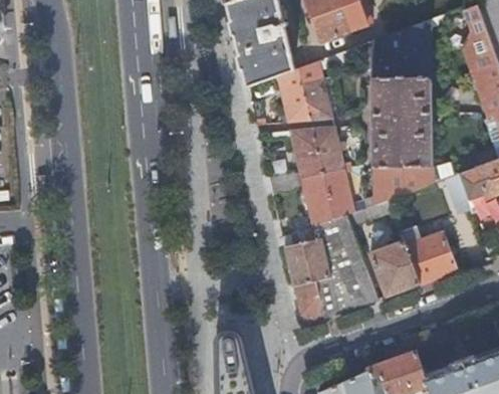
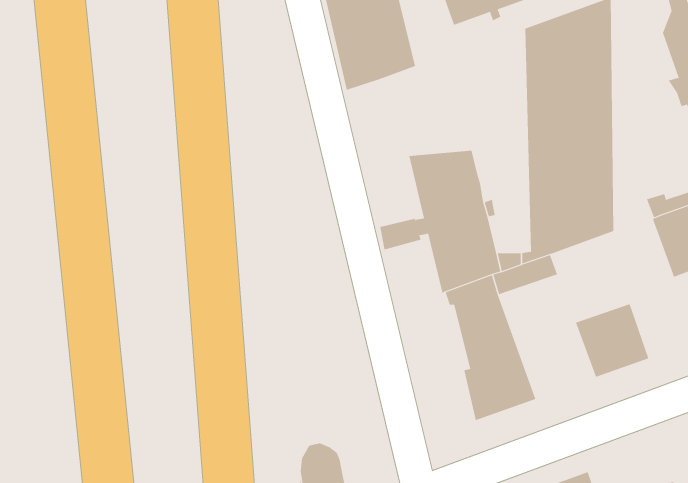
building: [271,49,357,123] -> none
building: [283,226,336,323] -> none
building: [370,243,420,298] -> none

